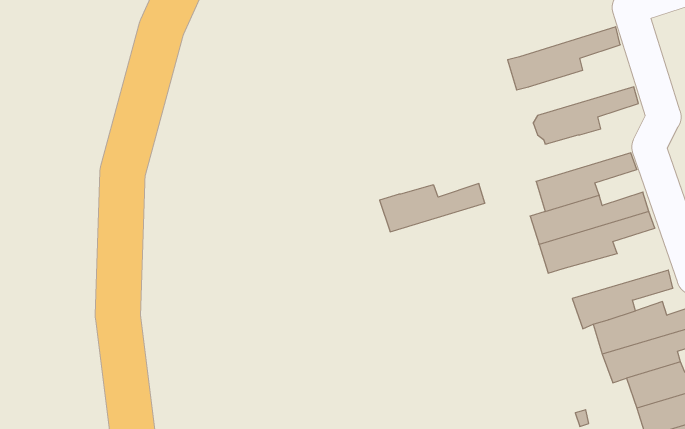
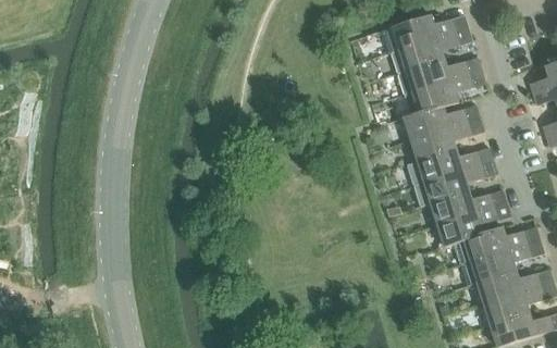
building: none -> [382,14,470,52]
building: none -> [398,57,483,94]
building: [380,184,485,232] -> [405,104,481,139]
building: none -> [432,189,508,224]

